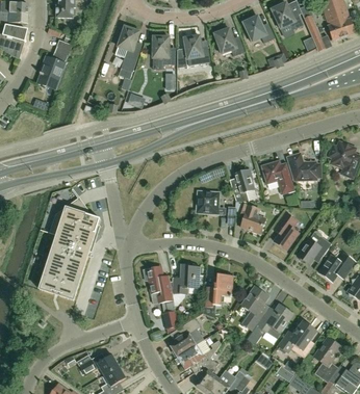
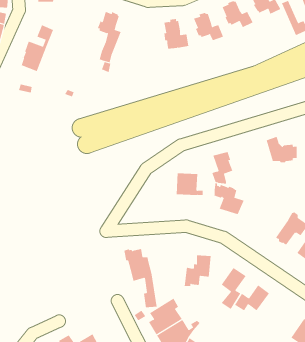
building: [151,34,176,69] -> none
building: [261,159,295,194] -> none
building: [40,198,101,299] -> none
building: [274,212,299,249] -> none
building: [170,264,200,293] -> none
building: [278,320,316,351] -> none

